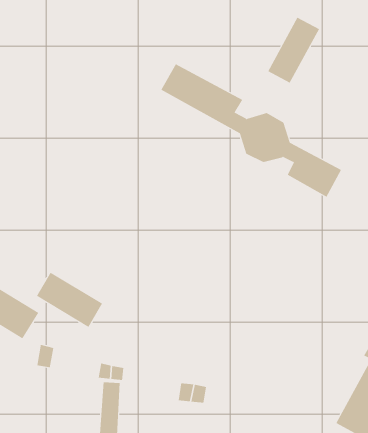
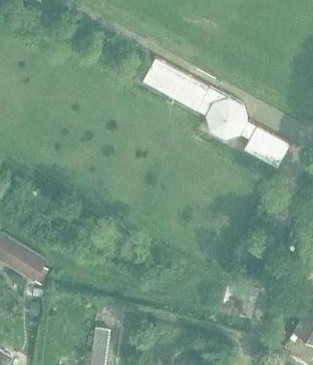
building: [267,17,320,83] -> none
building: [36,272,103,328] -> none

